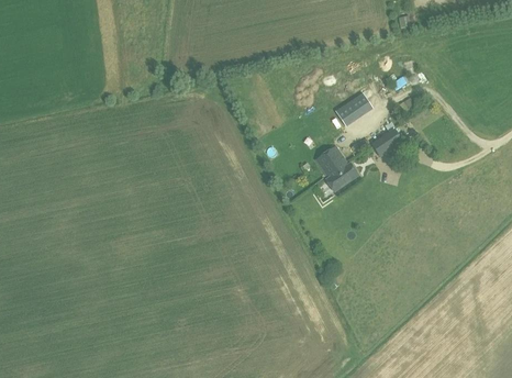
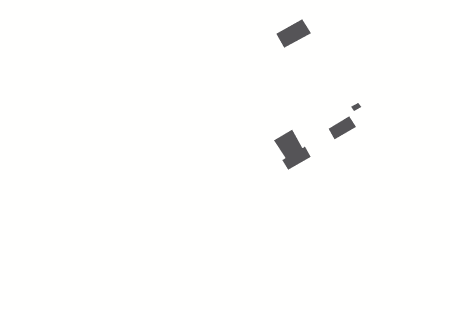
building: [335,93,374,126] -> [275,18,312,49]

